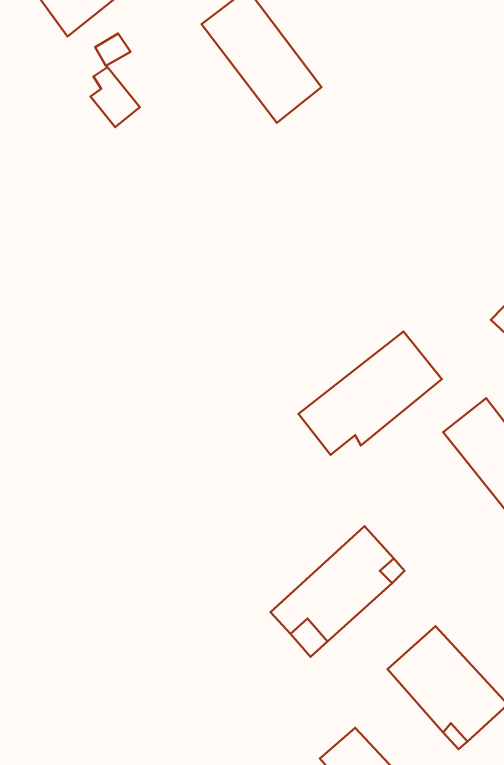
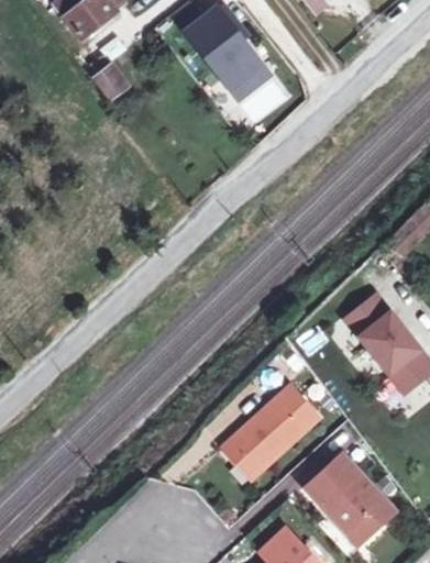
building: [299,331,442,455] -> none

